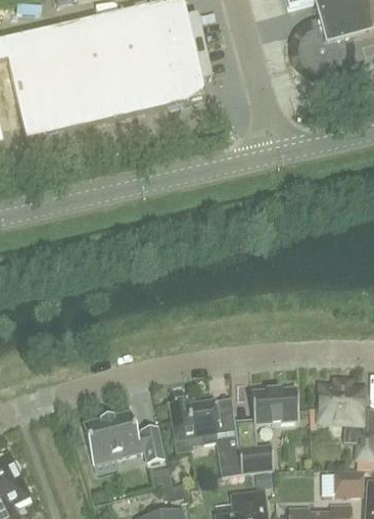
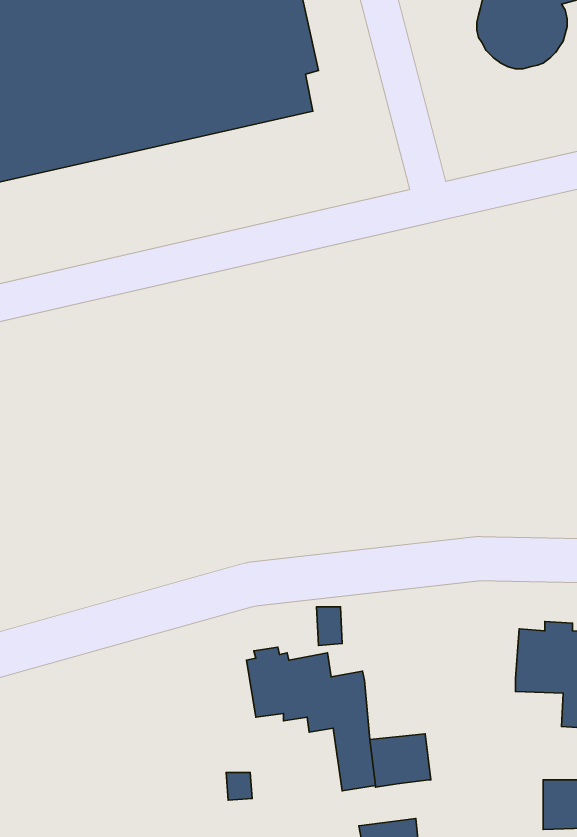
building: [250,385,297,423] -> none
building: [83,410,163,462] -> none

